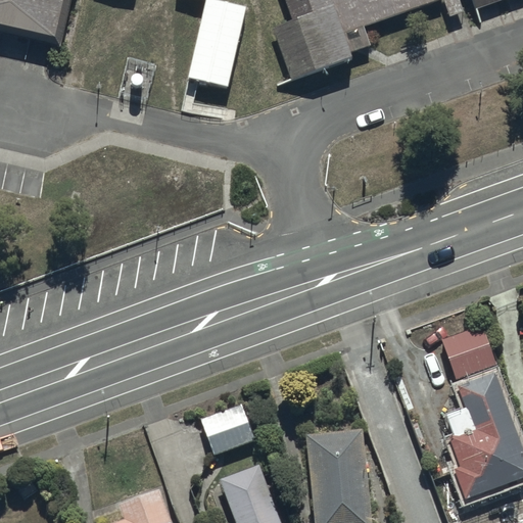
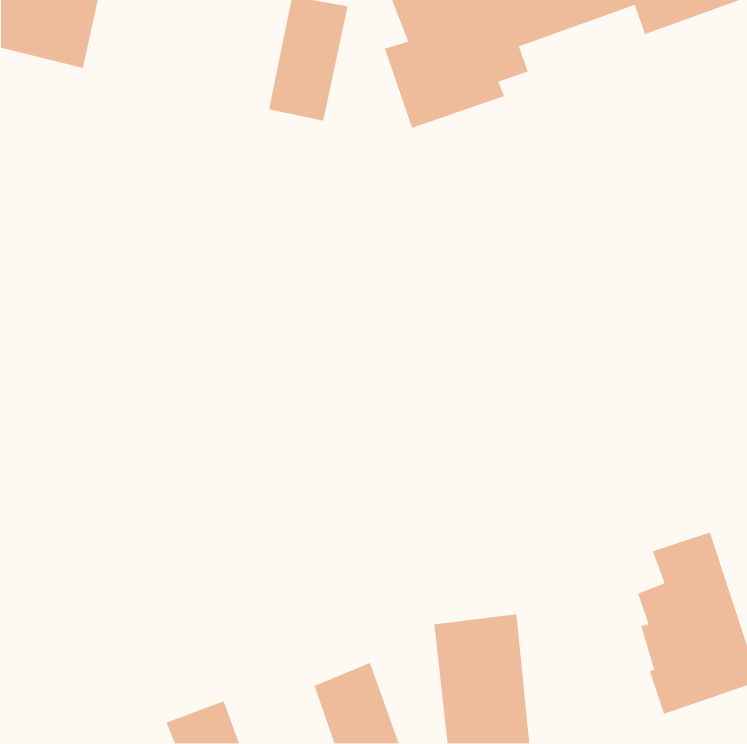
building: [442,324,495,378] -> none
building: [201,405,252,453] -> none

